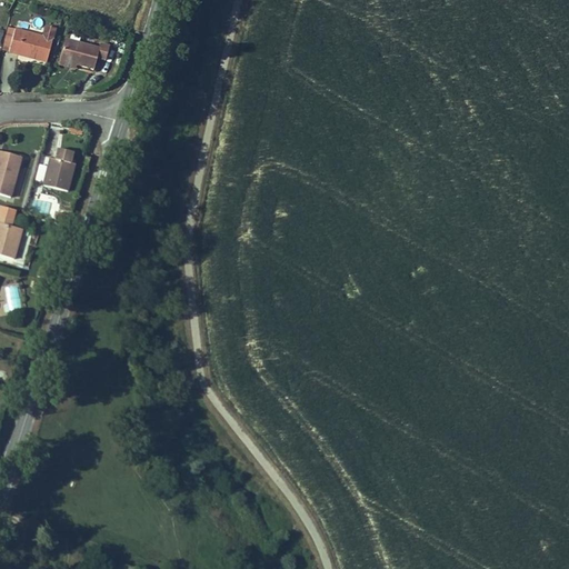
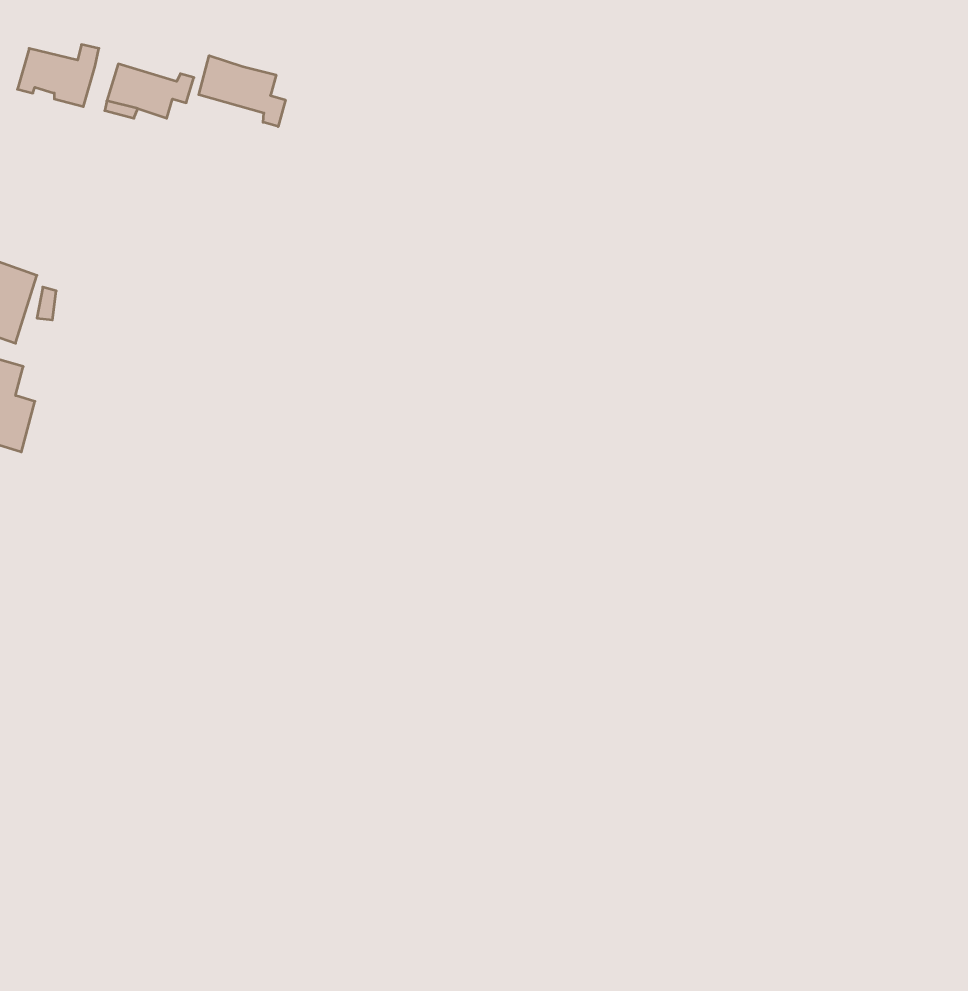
building: none -> [199,56,285,127]
building: [42,149,74,192] -> none

